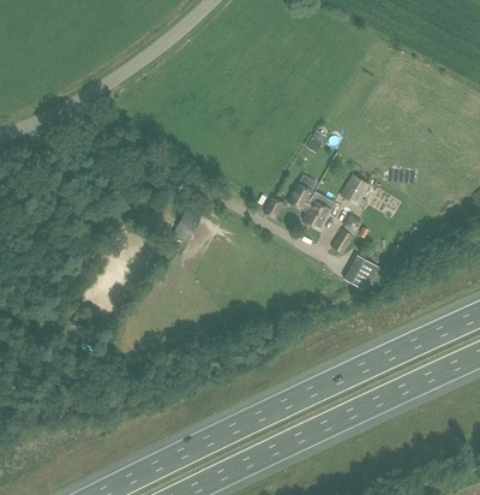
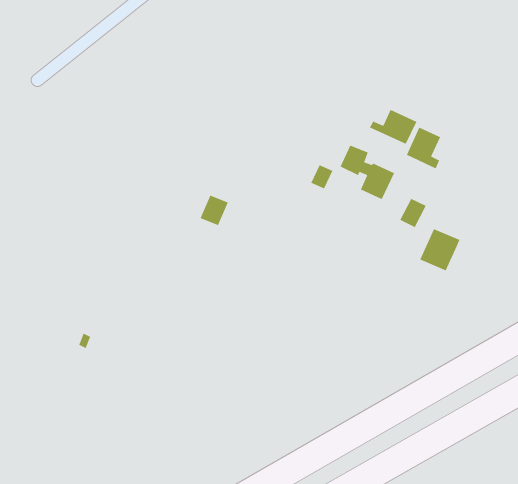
building: none -> [369,109,418,145]

